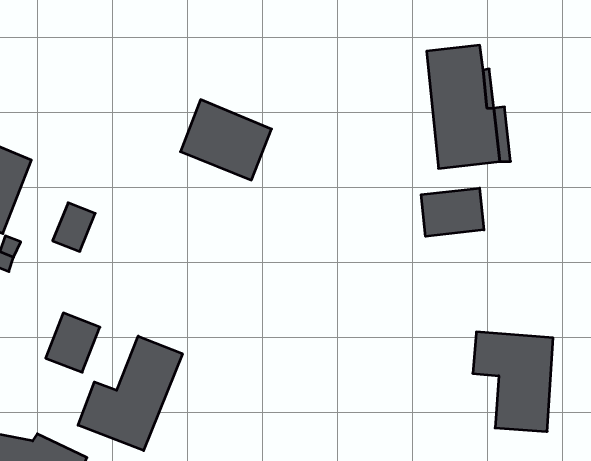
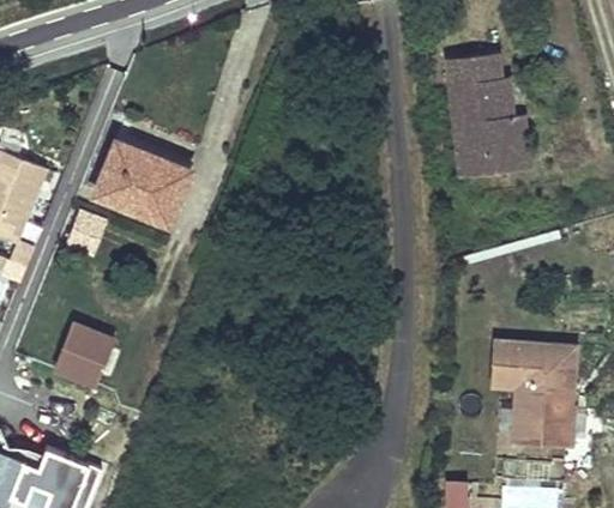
building: [180,100,272,180] -> [96,141,188,223]
building: [421,188,484,236] -> none
building: [78,336,182,451] -> none

